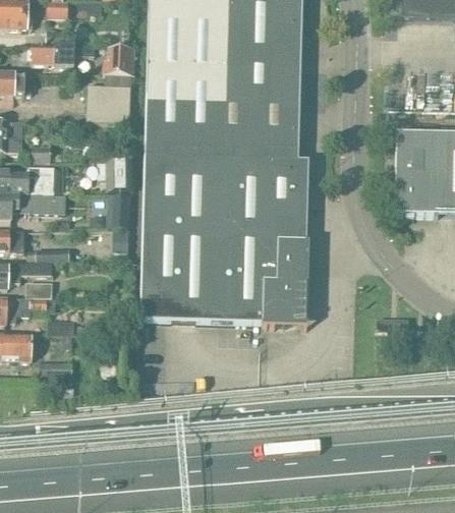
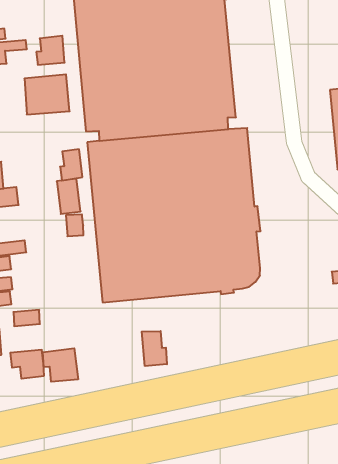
building: none -> [142,331,167,366]
building: none -> [43,348,78,382]

